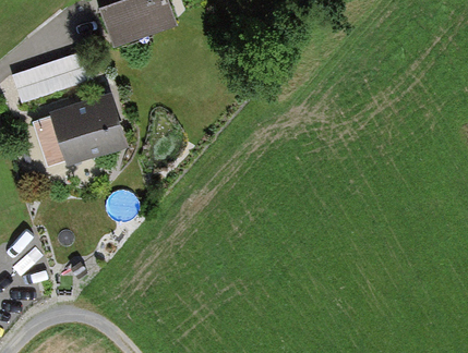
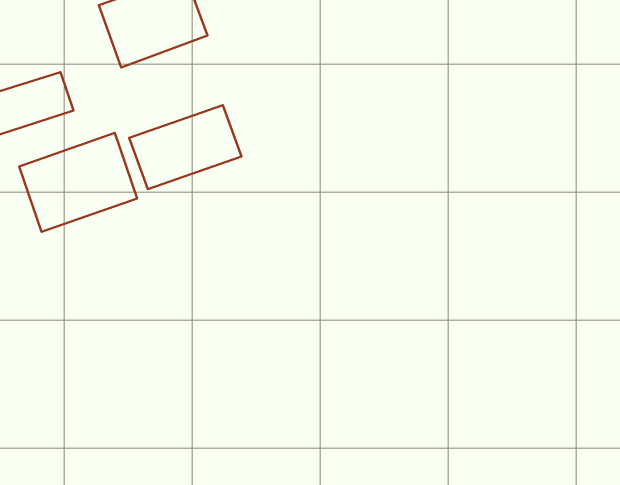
building: none -> [129,105,241,189]

